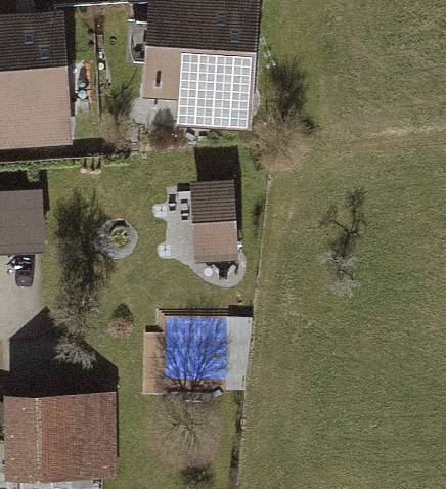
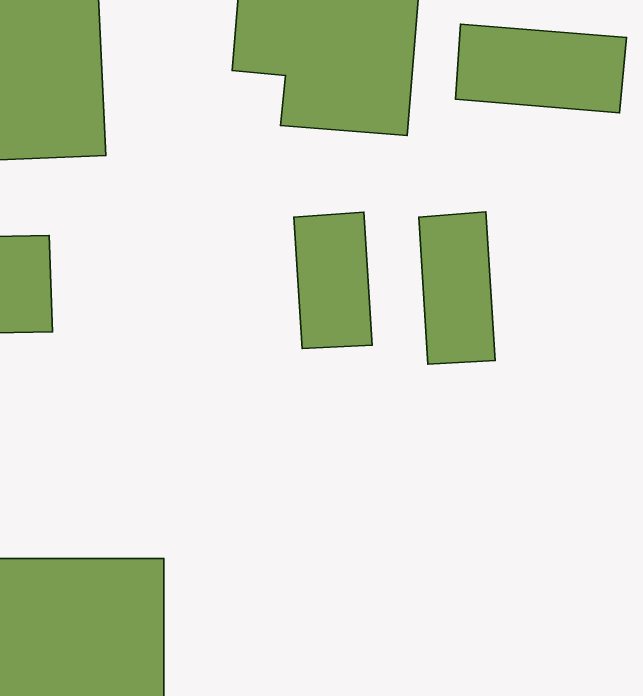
building: none -> [456,24,626,113]
building: none -> [419,212,495,364]

